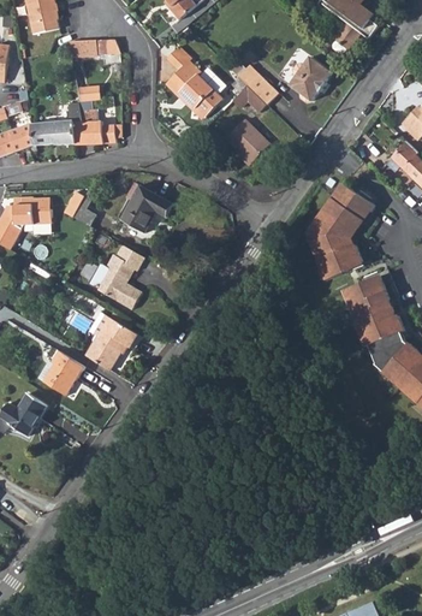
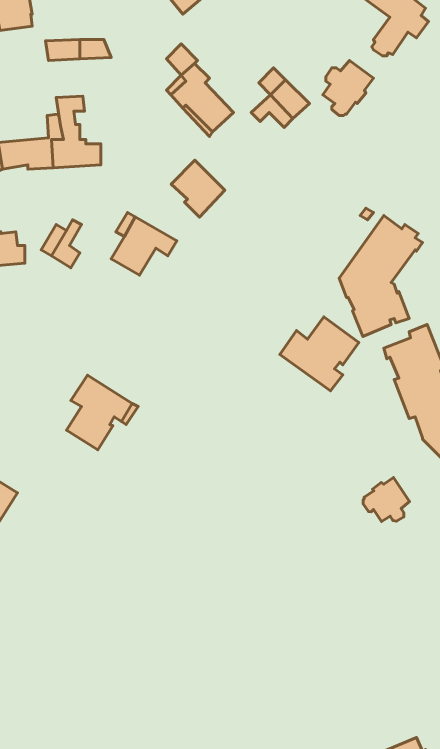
building: [226,120,269,166] -> [171,160,225,217]
building: [89,243,147,309] -> none
building: none -> [280,317,359,391]
building: [37,350,83,395] -> none
building: none -> [363,478,410,521]

